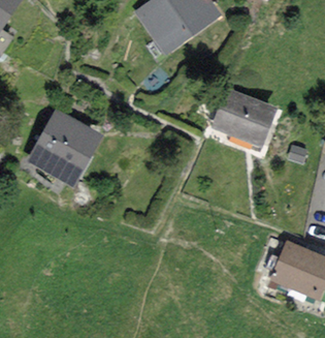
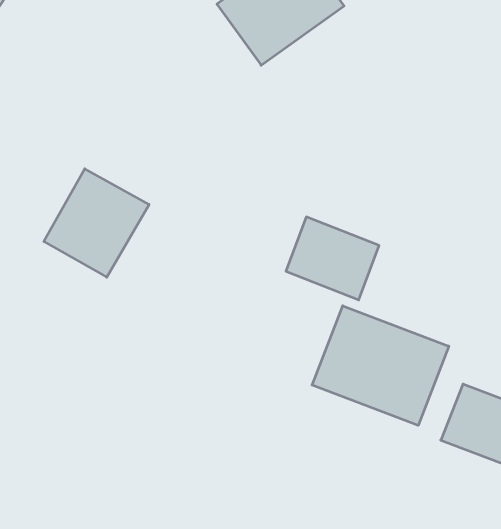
building: [216,92,272,143] -> [286,217,379,300]
building: none -> [312,306,449,425]

